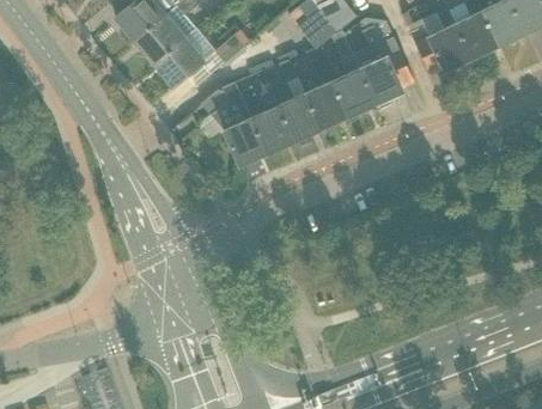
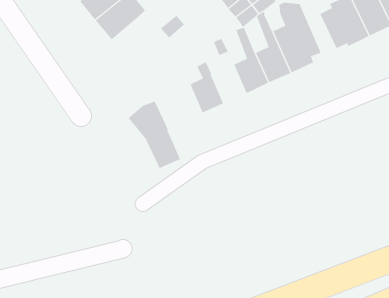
building: [156,38,205,86] -> none
building: [202,81,267,165] -> [128,101,181,169]
building: [278,93,321,141] -> none

